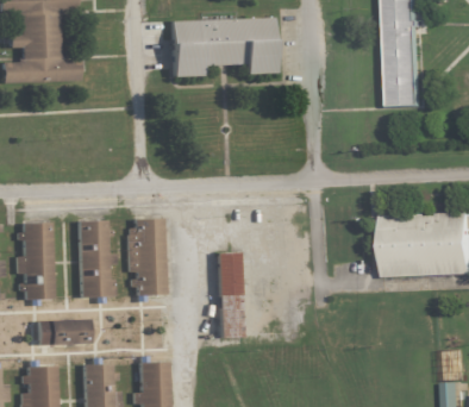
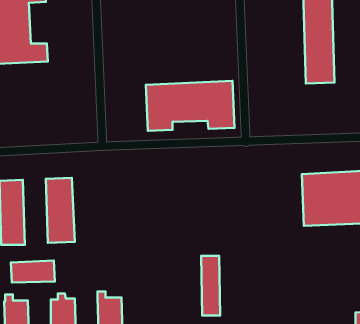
building: [170,18,276,77] -> [146,81,234,131]
building: [133,218,165,295] -> none
building: [221,251,244,323] -> [201,256,220,315]

